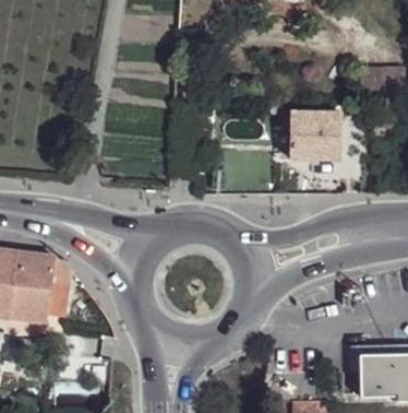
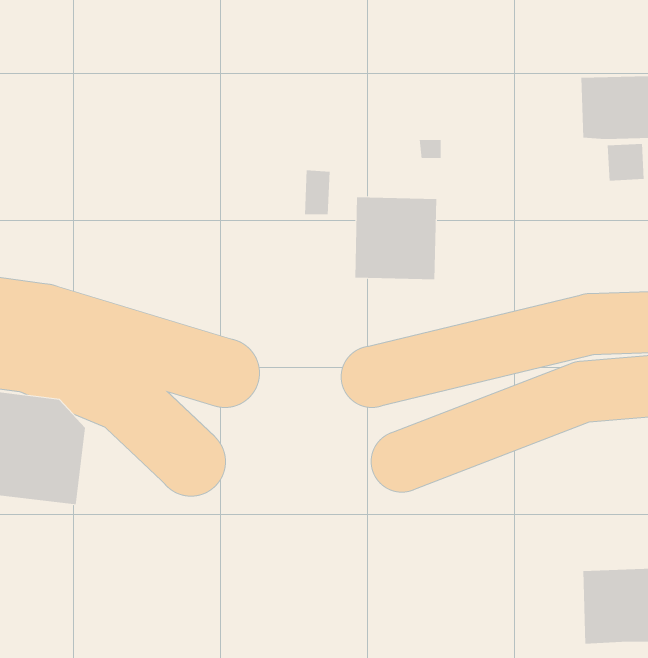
building: [291,111,339,160] -> [354,197,437,280]

